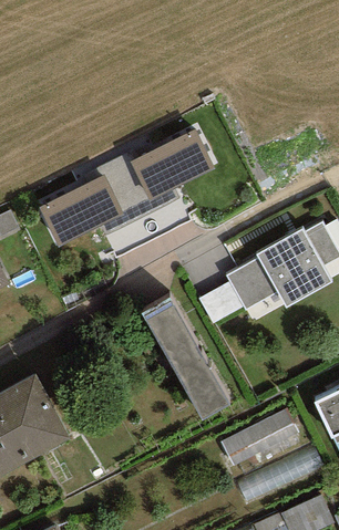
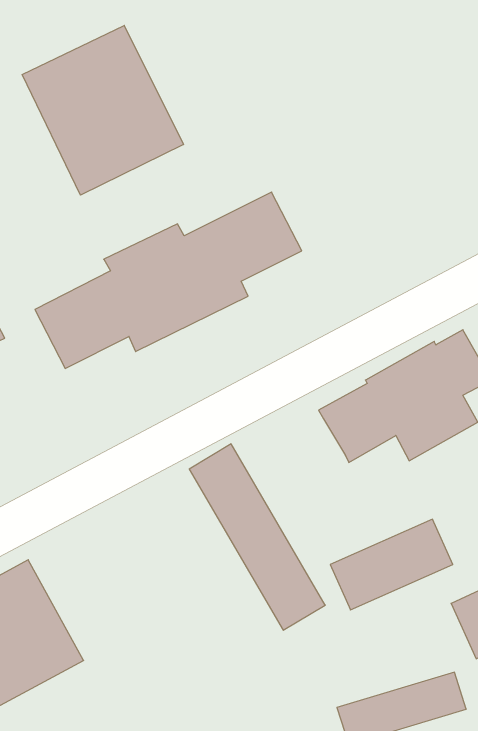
building: none -> [22,25,183,195]
building: [199,280,244,322] -> none
building: [222,403,302,463] -> [330,519,453,610]

